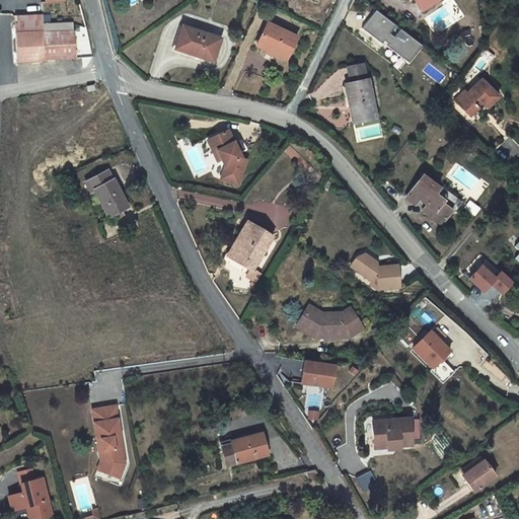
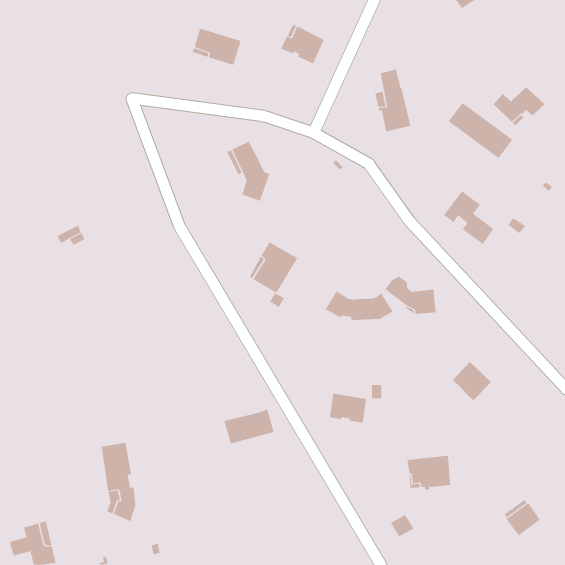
building: [362,9,422,61] -> [448,102,513,159]
building: [16,15,76,61] -> none
building: [87,170,130,217] -> none
building: [466,263,513,295] -> none
building: [299,307,362,335] -> [325,290,394,320]
building: [222,433,269,465] -> [223,409,274,444]

